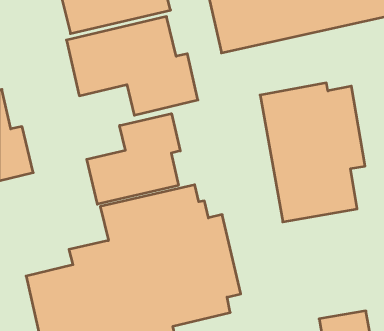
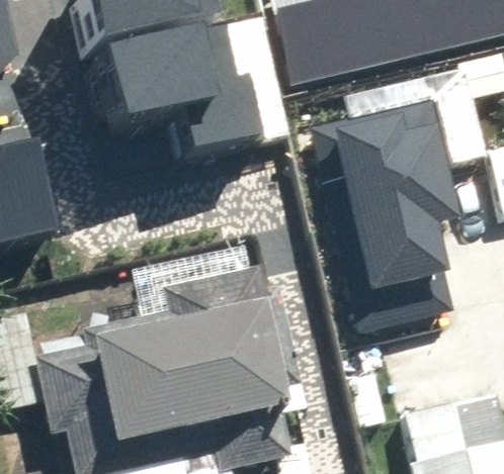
building: [87,114,180,204] -> none

